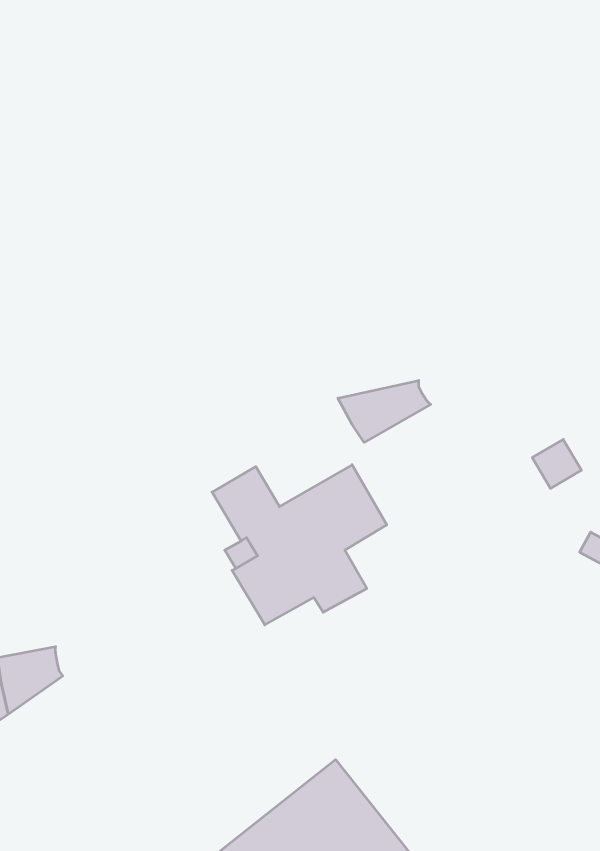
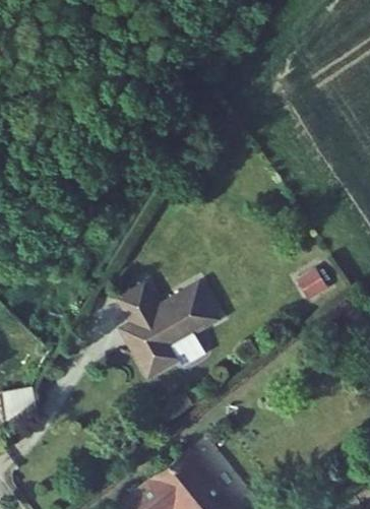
building: [338,380,431,442] -> none

